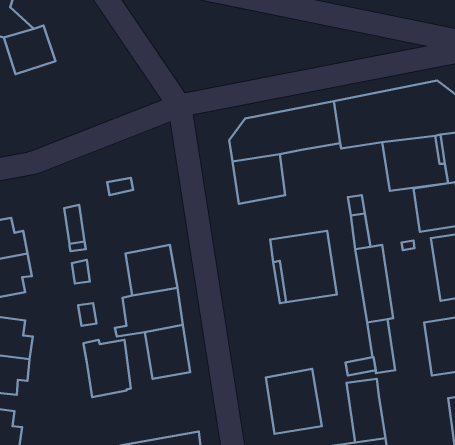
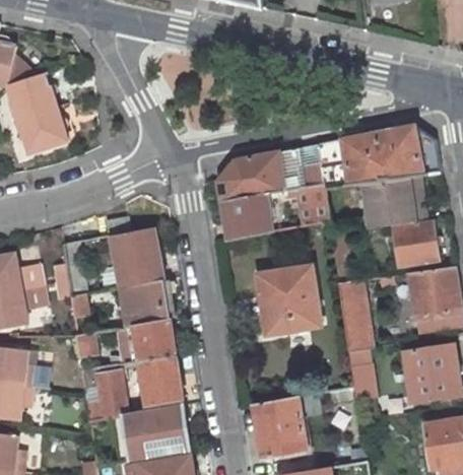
building: none -> [18,107,67,152]
building: none -> [287,184,330,225]
building: none -> [112,227,163,287]
building: none -> [123,404,190,460]

